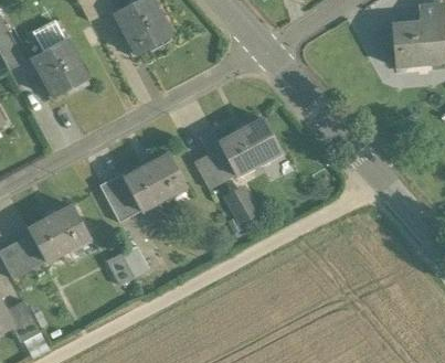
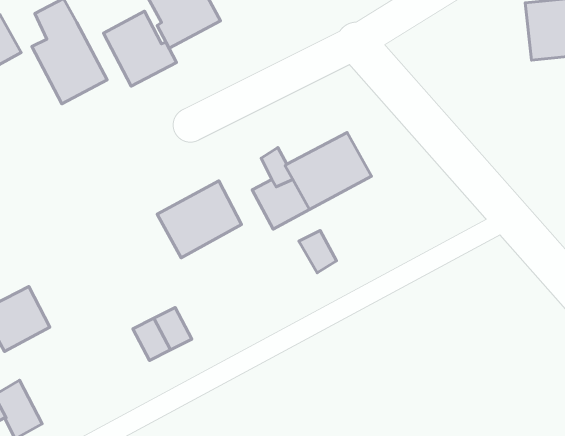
building: none -> [104,11,177,86]
building: [100,173,141,221] -> none
building: [28,204,89,260] -> none

